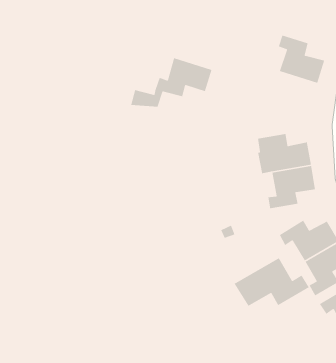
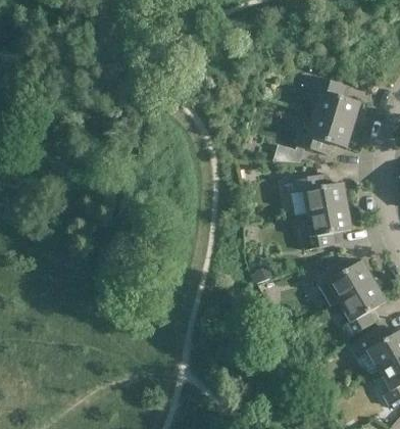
building: [130,57,213,108] -> [271,112,353,162]
building: [234,257,310,307] -> none

